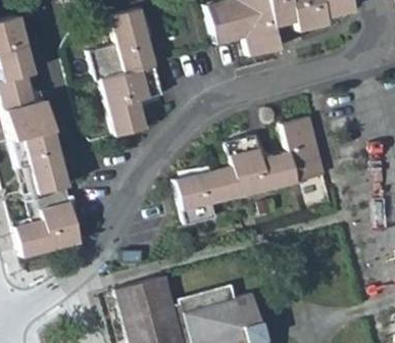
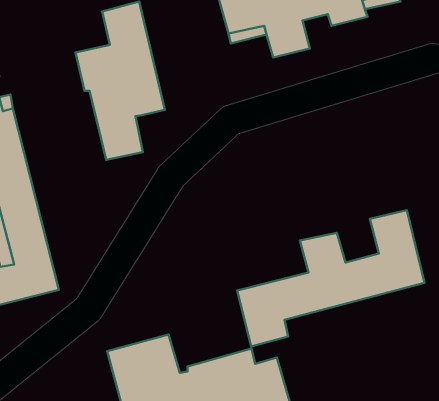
building: [175,116,325,226] -> [237,210,425,347]

